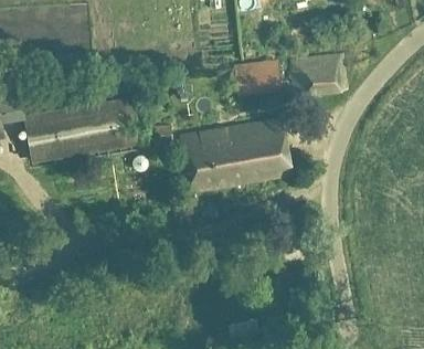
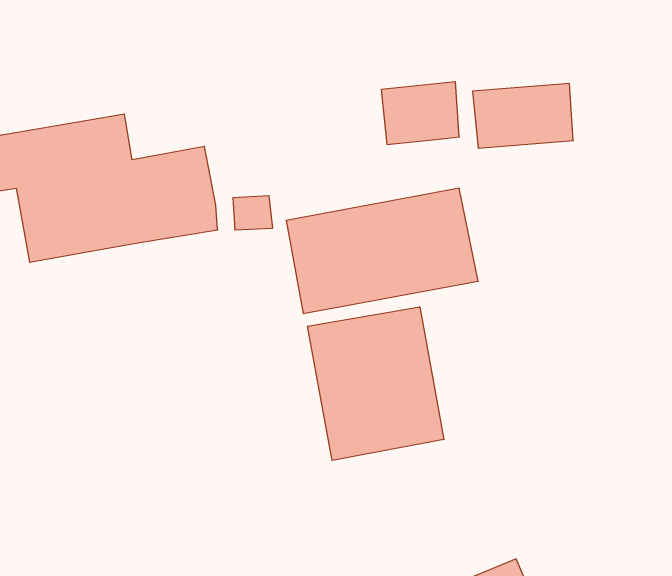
building: none -> [307,307,444,460]

